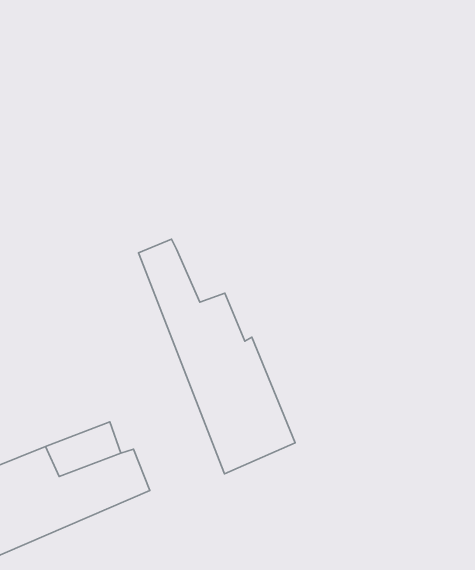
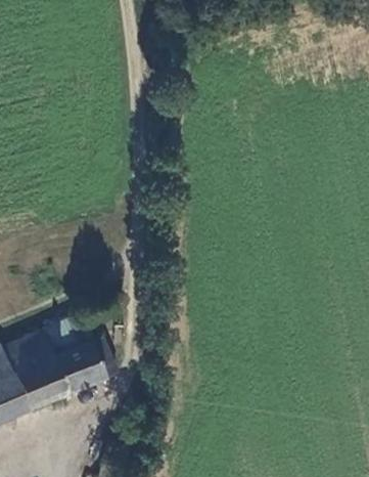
building: [139,239,295,474] -> none

